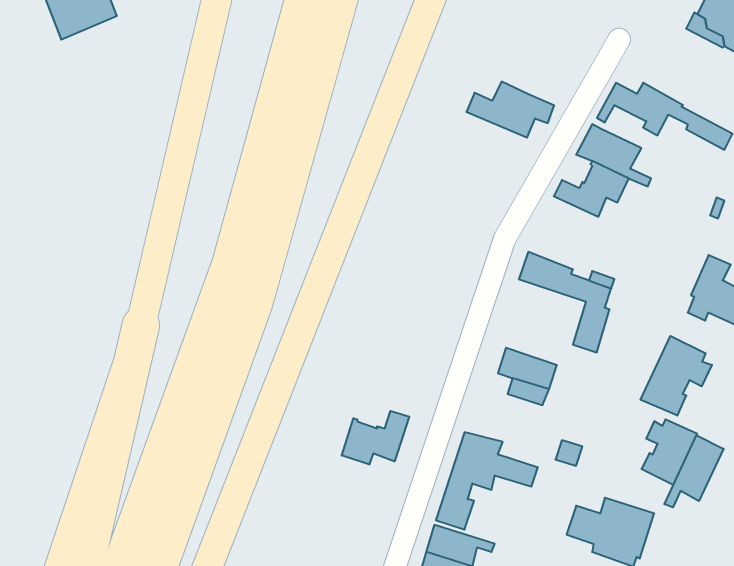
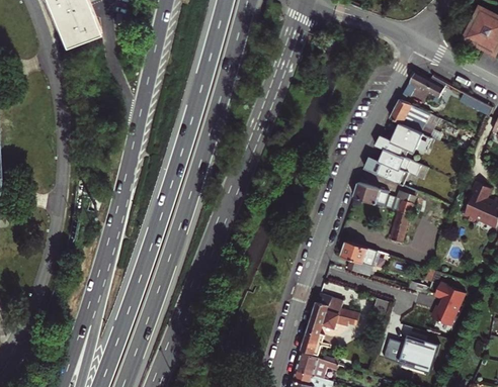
building: [466,82,554,138] -> [364,150,420,185]
building: [641,336,712,416] -> none
building: [342,411,409,465] -> none
building: [664,435,724,507] -> none

